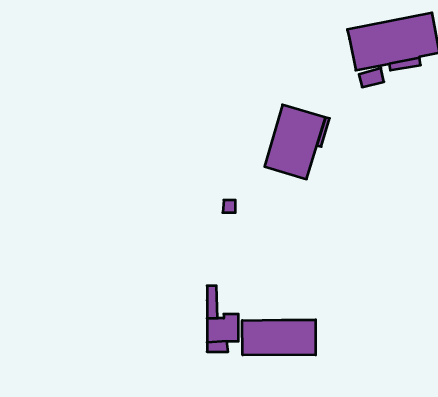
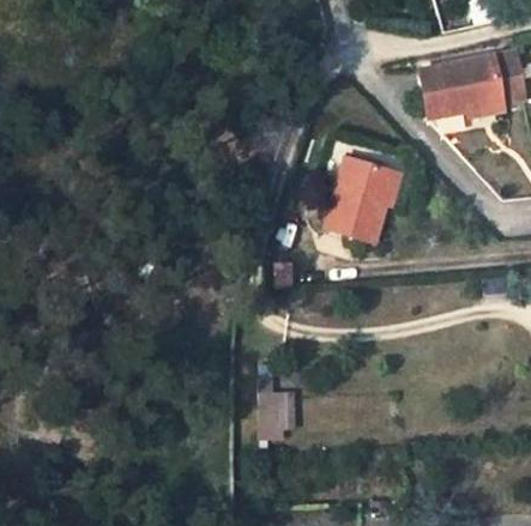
building: [242,320,316,355] -> none

